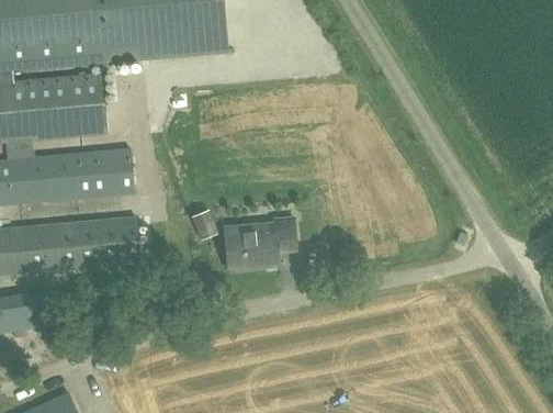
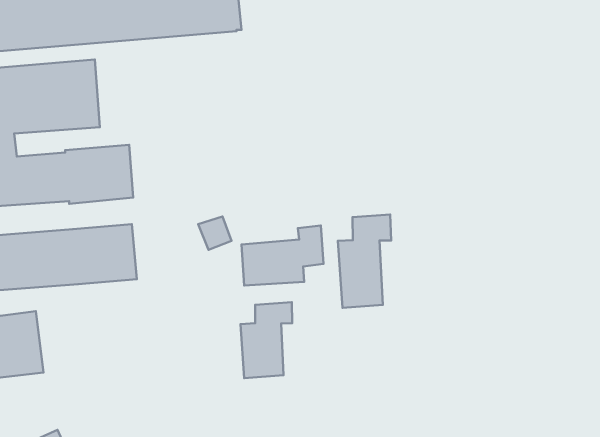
building: none -> [338,215,391,308]
building: none -> [241,302,292,378]

